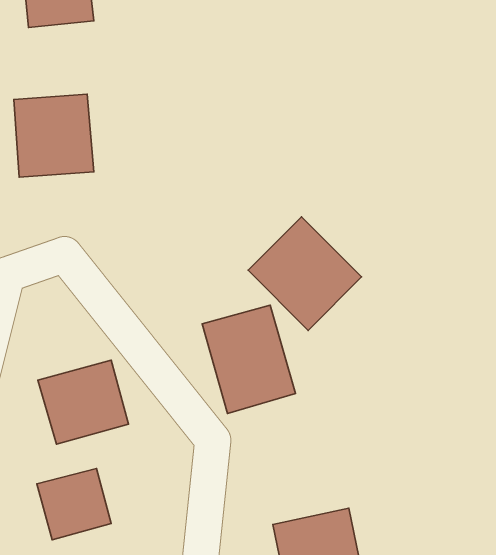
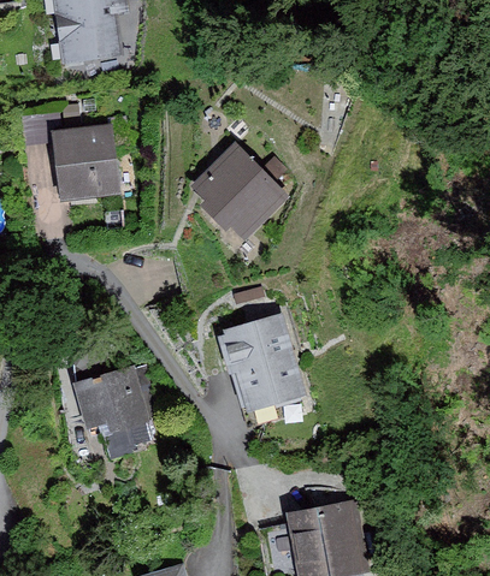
building: [248,217,362,330] -> [189,139,291,242]
building: [37,468,111,540] -> none

